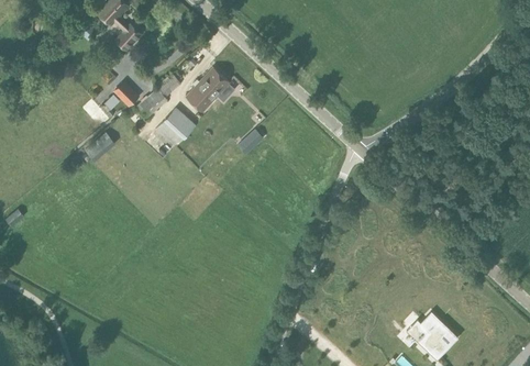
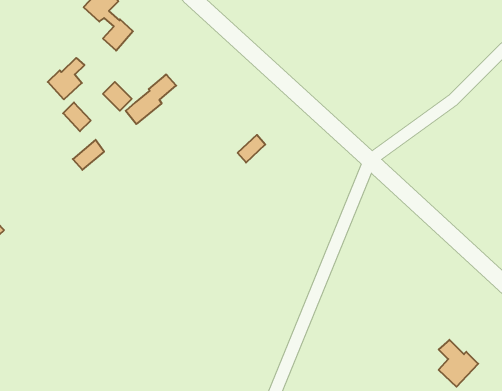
building: none -> [48,58,84,99]
building: [185,67,229,112] -> none
building: [154,107,196,146] -> none

